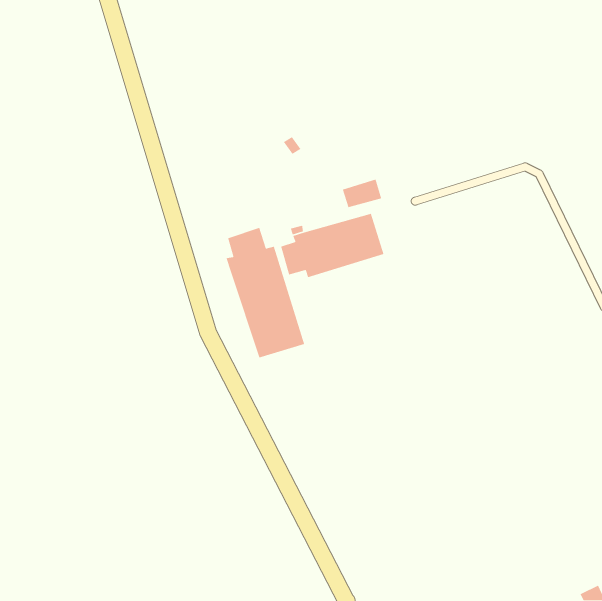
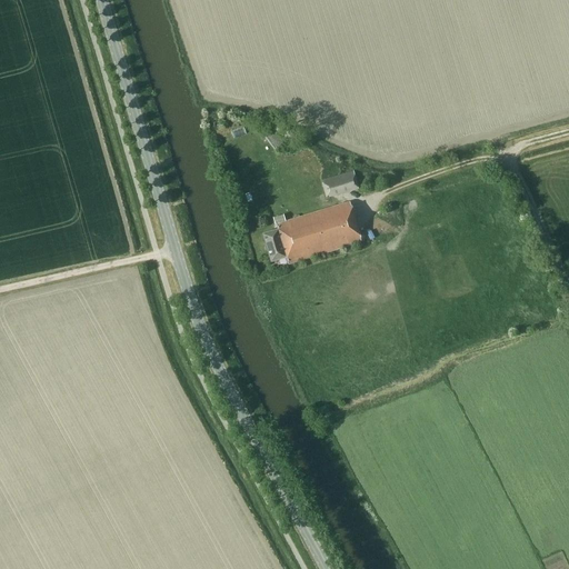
building: [226,227,305,358] -> none

